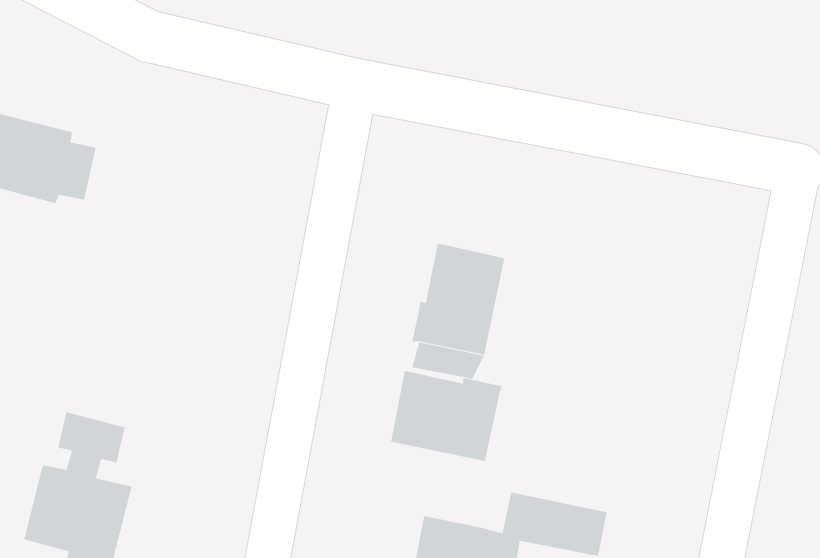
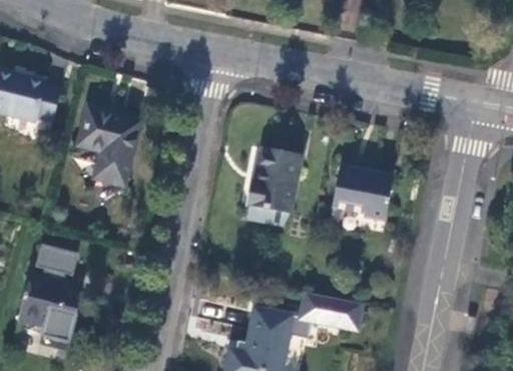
building: none -> [78,106,142,188]
building: none -> [331,164,394,220]
building: [390,370,503,462] -> none

